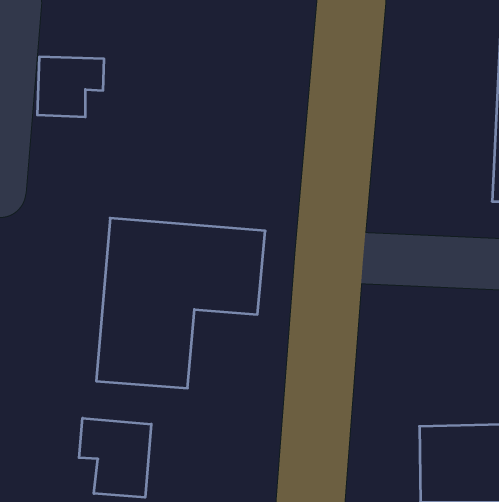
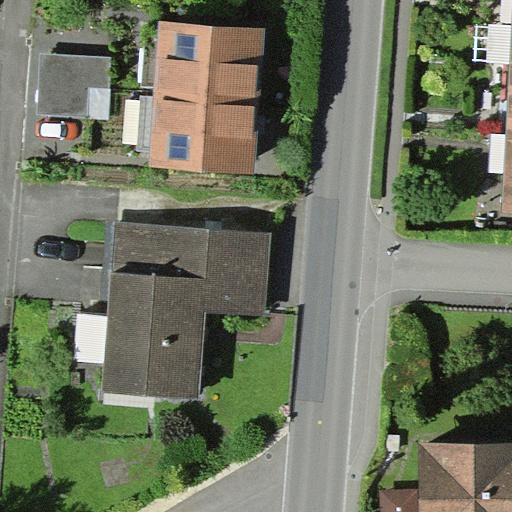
building: none -> [147,21,260,175]
building: [79,418,151,497] -> none

